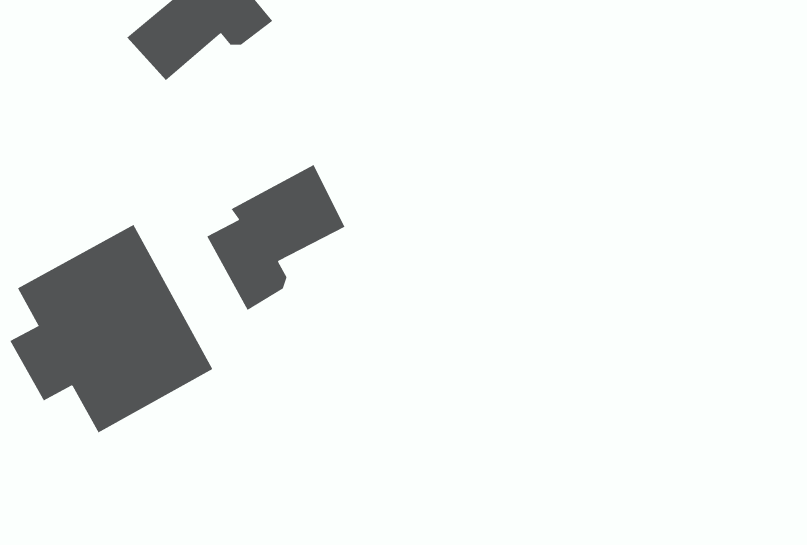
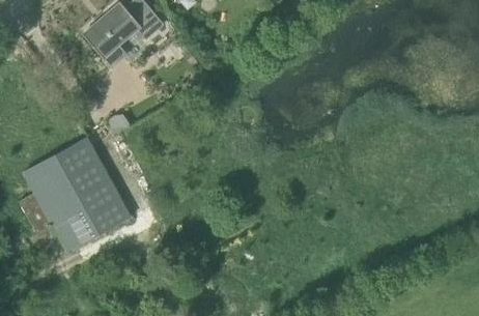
building: [207,164,345,311] -> none

